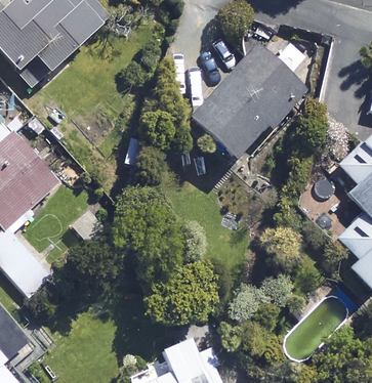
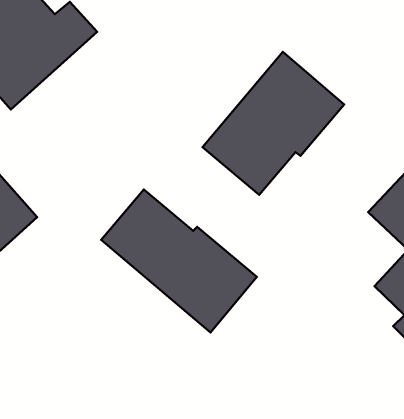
building: none -> [101,189,257,332]

